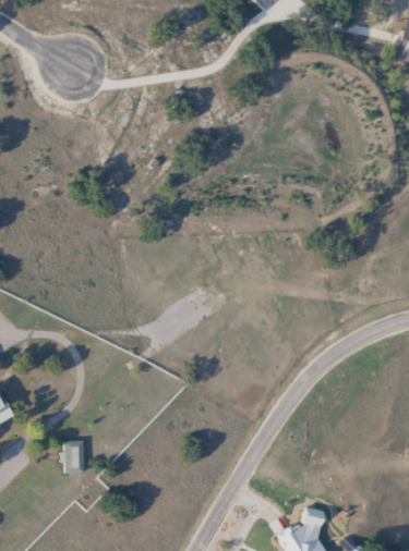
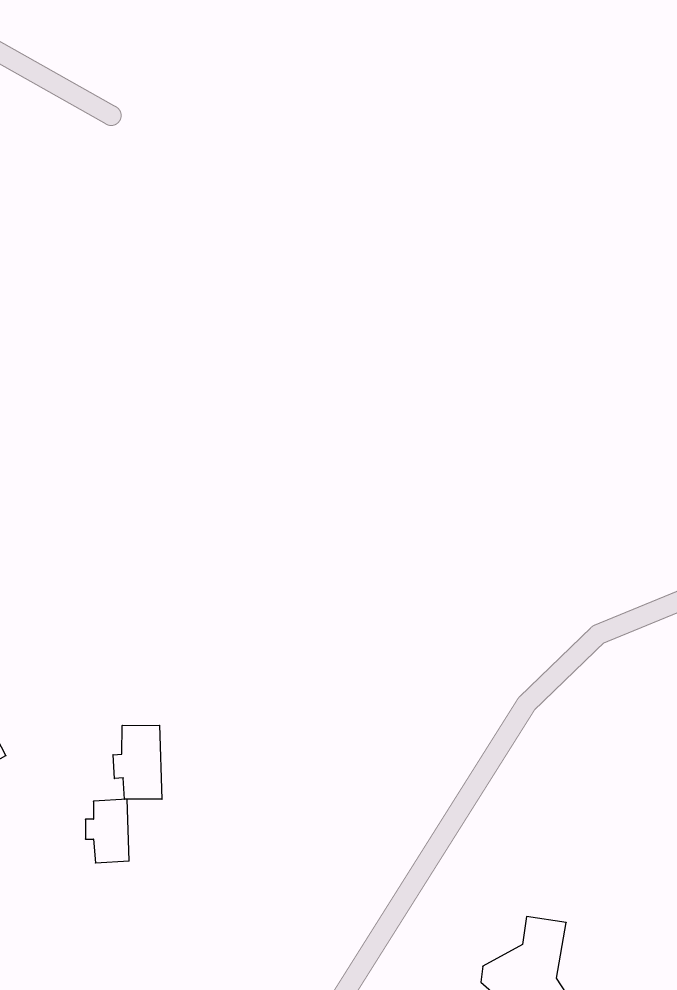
building: none -> [113,725,162,799]

